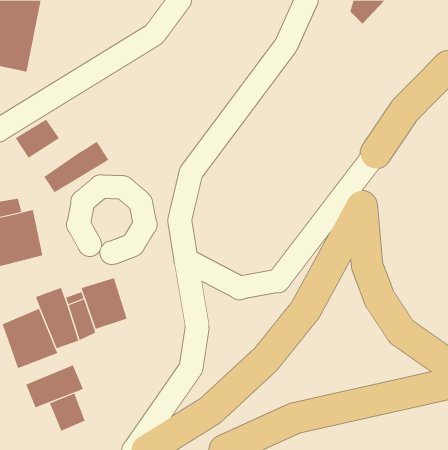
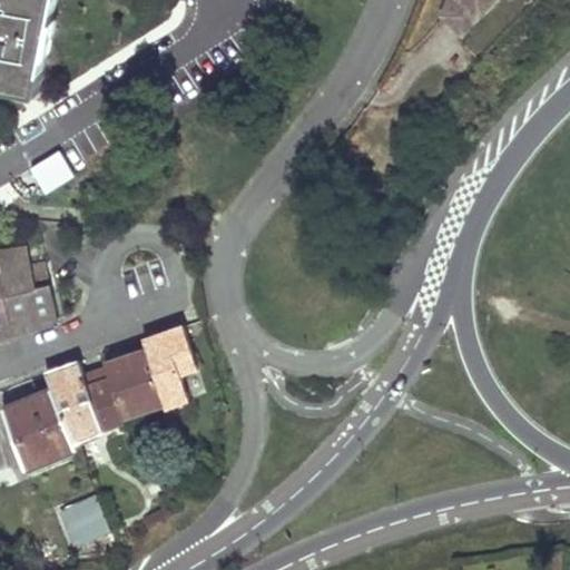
building: [44,141,109,193] -> none
building: none -> [141,326,195,407]
building: [26,365,83,408] -> none

